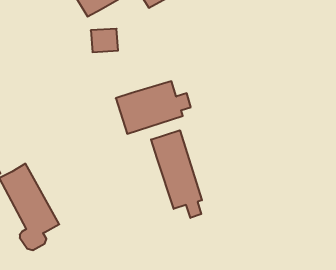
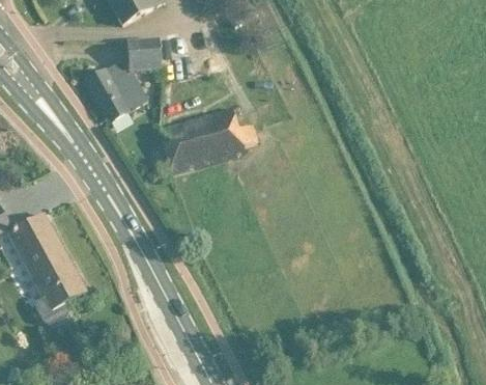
building: none -> [85,61,148,122]
building: [151,130,202,218] -> none

